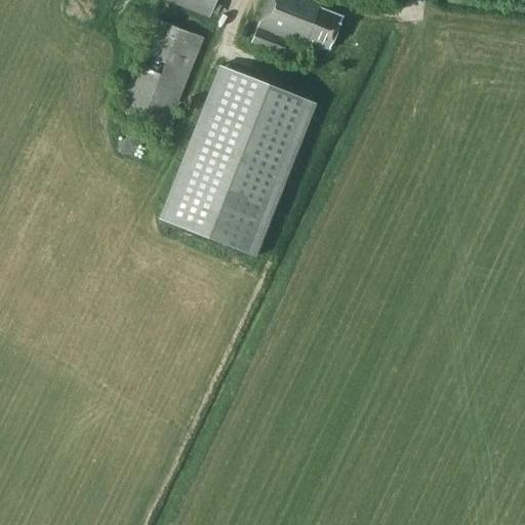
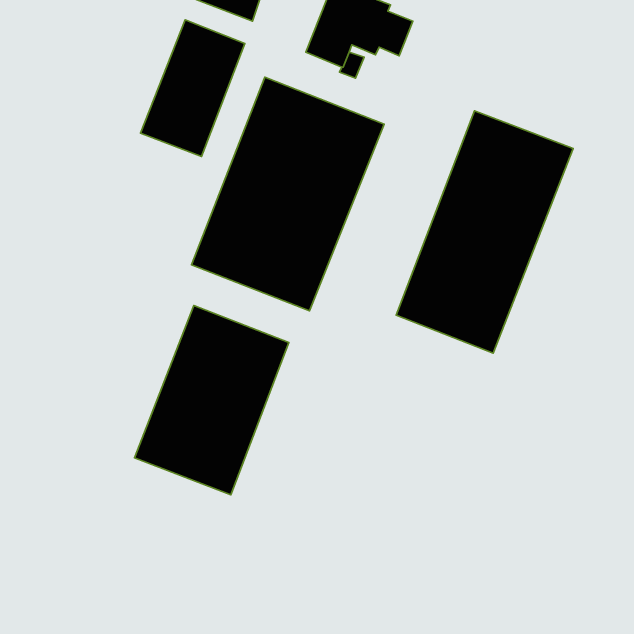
building: none -> [396,111,573,353]
building: none -> [134,305,289,495]

